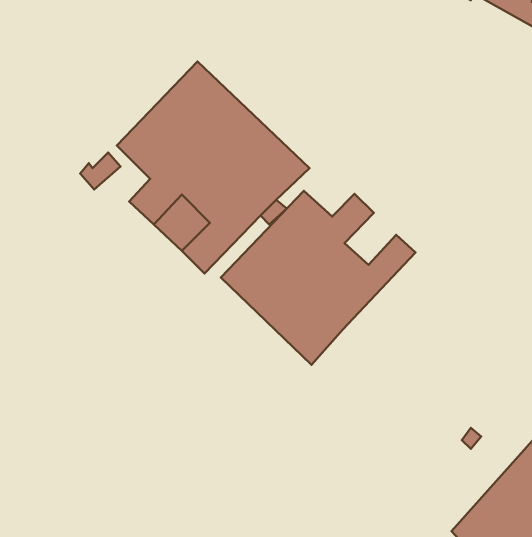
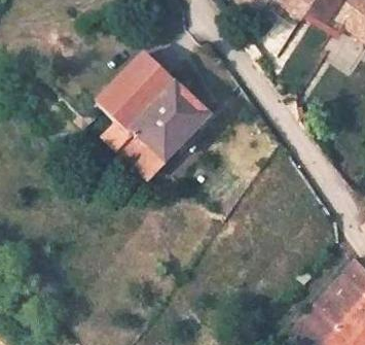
building: [221,191,415,365] -> none

